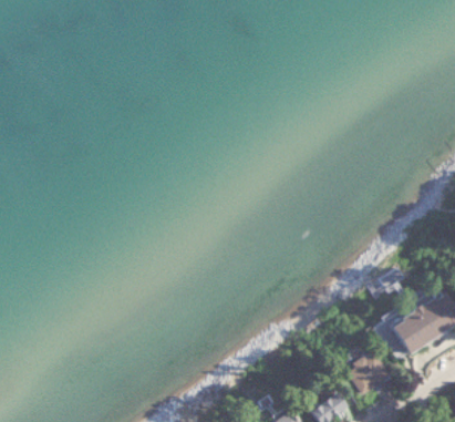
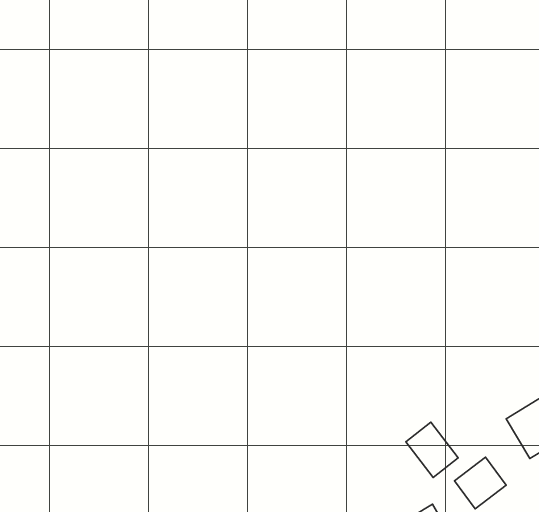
building: none -> [406,422,458,478]

